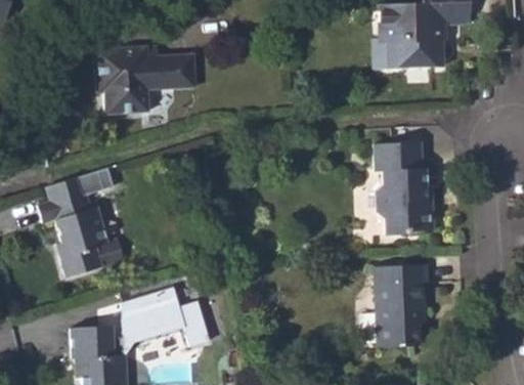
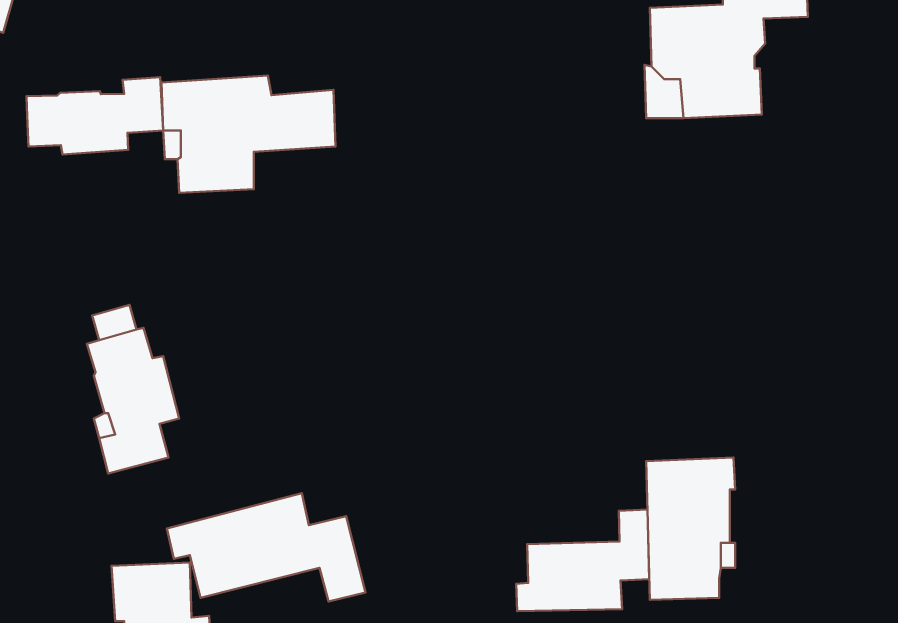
building: none -> [27,77,163,154]
building: [376,144,434,234] -> none
building: none -> [516,510,649,611]

